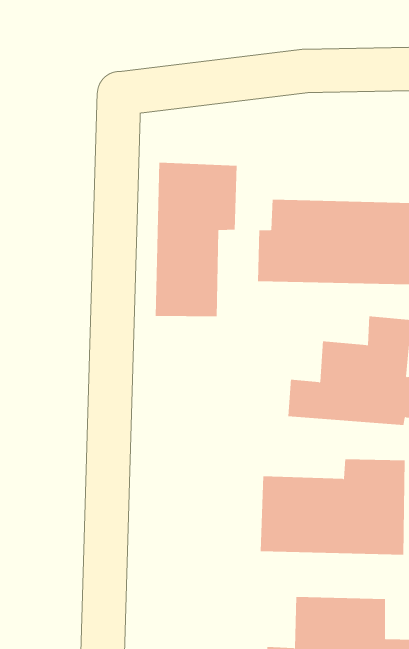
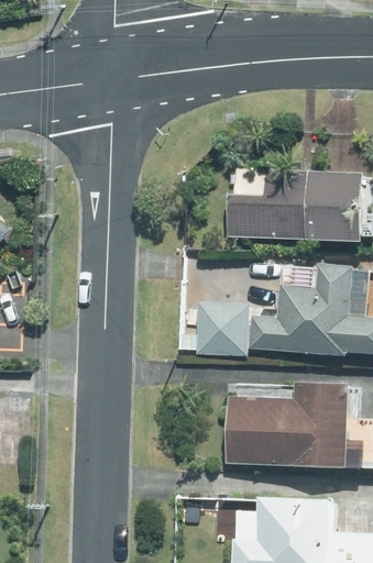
building: [155,162,237,317] -> none
building: none -> [196,305,249,354]

